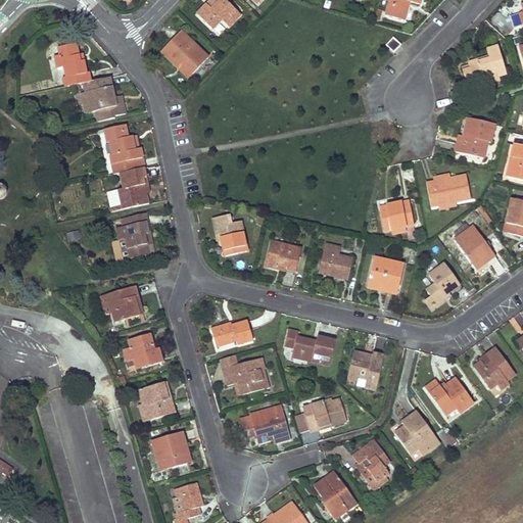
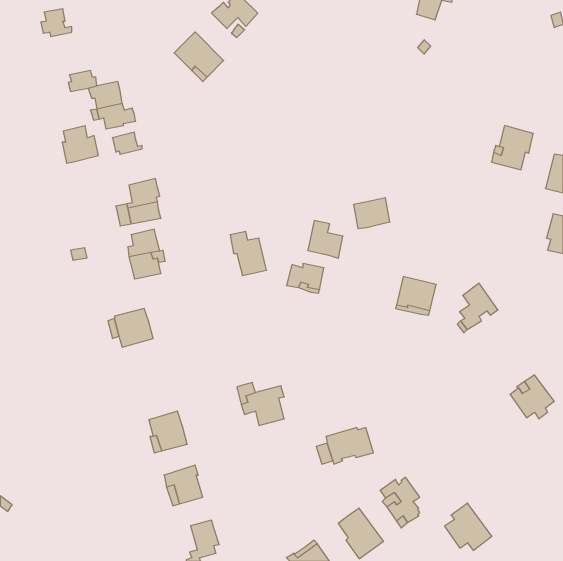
building: [55,44,84,69] -> [41,9,72,37]
building: [464,46,507,85] -> none
building: [110,138,144,173] -> [62,126,98,163]
building: [427,174,471,204] -> none
building: [380,200,414,229] -> [353,198,390,229]
building: [455,225,494,268] -> none
building: [320,243,352,278] -> [308,221,343,258]
building: [210,320,251,344] -> none
building: [284,329,334,364] -> none
building: [124,334,161,369] -> none
building: [346,351,383,389] -> none
building: [425,377,473,414] -> none
building: [249,406,289,441] -> none
building: [394,411,438,455] -> [445,503,492,550]

